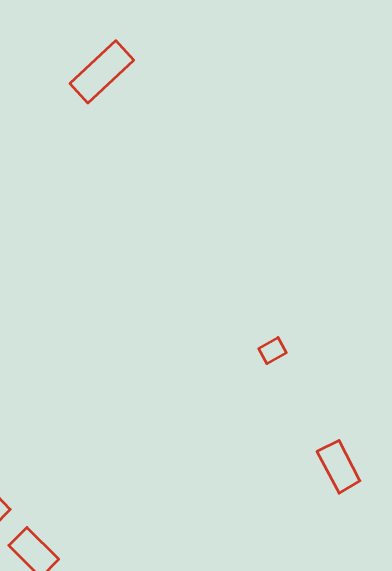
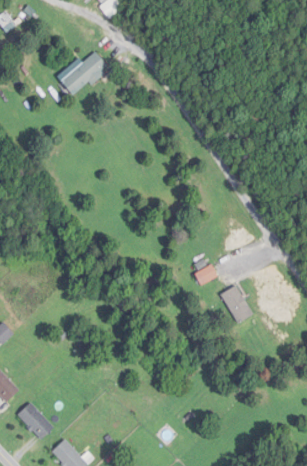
building: [317,440,360,493] -> [220,285,251,323]

